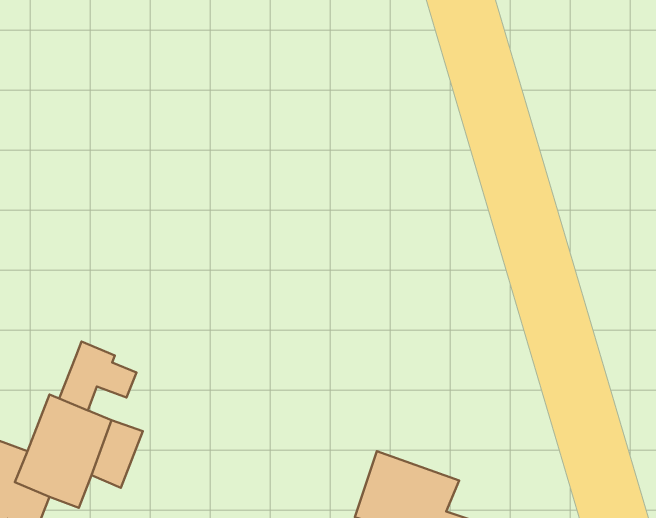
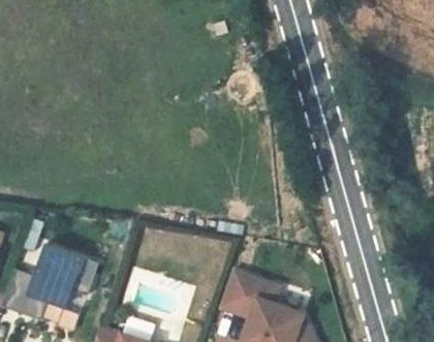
building: [59,342,137,410] -> none

